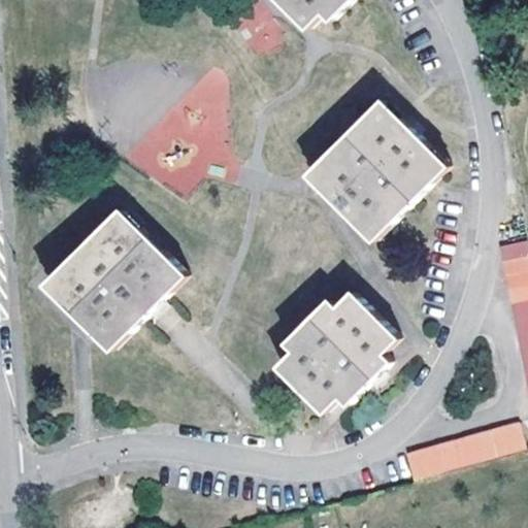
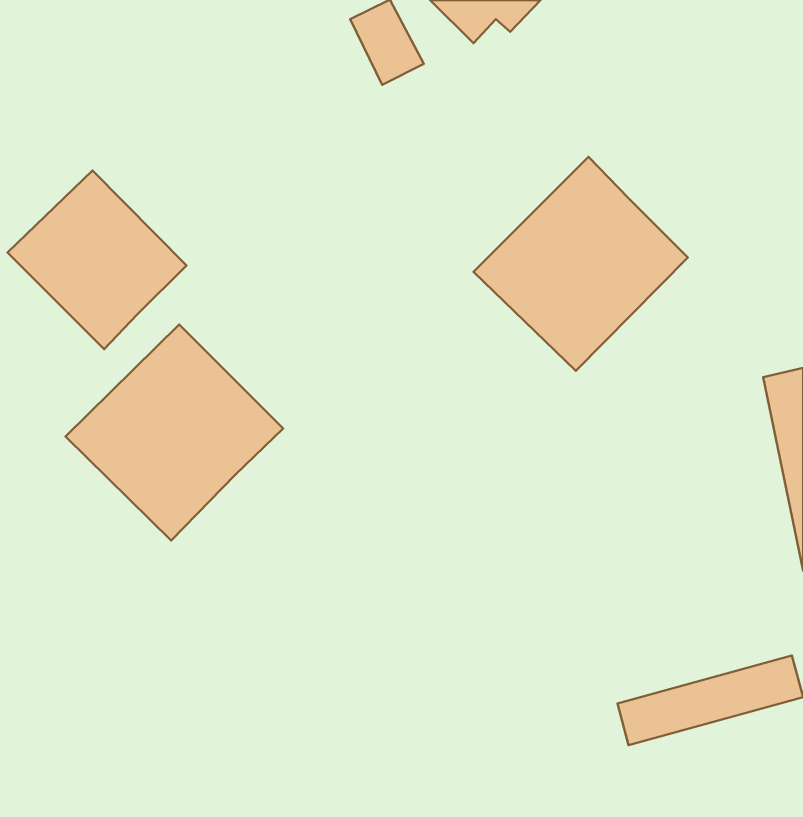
building: none -> [8,170,186,349]
building: [276,292,395,411] -> none

